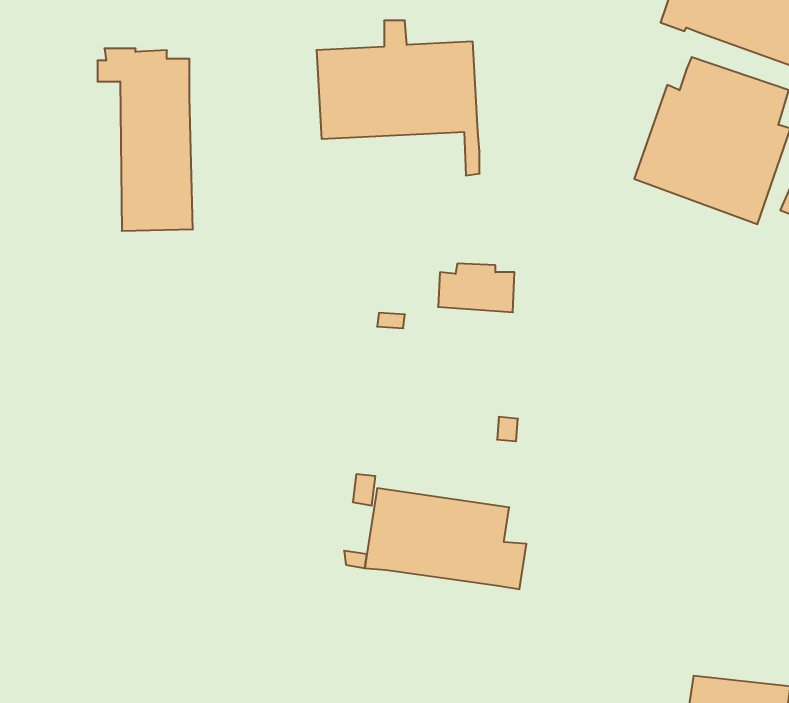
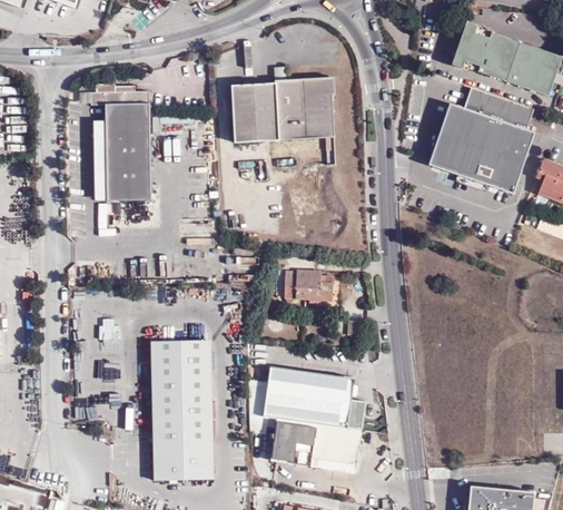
building: [438,264,515,312] -> [284,268,333,300]
building: none -> [152,339,213,478]
building: none -> [269,416,360,471]

